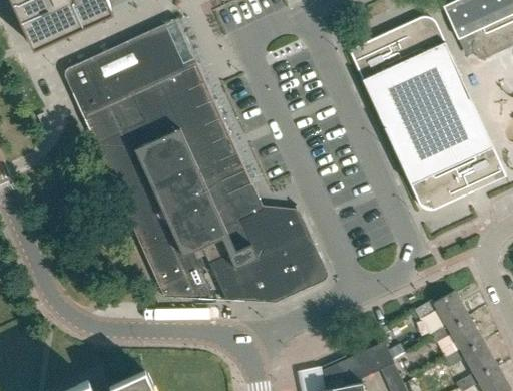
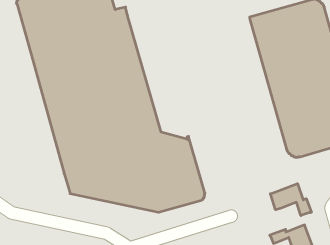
building: none -> [270,184,311,216]

